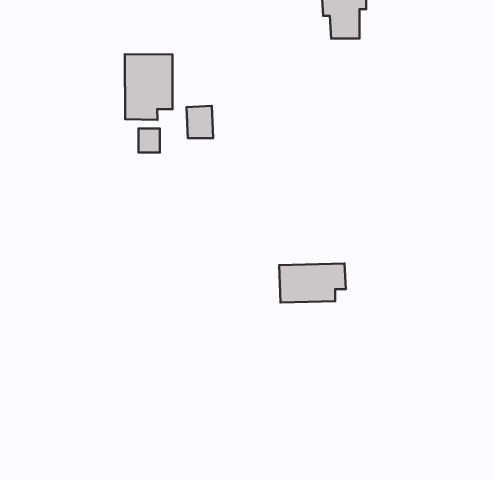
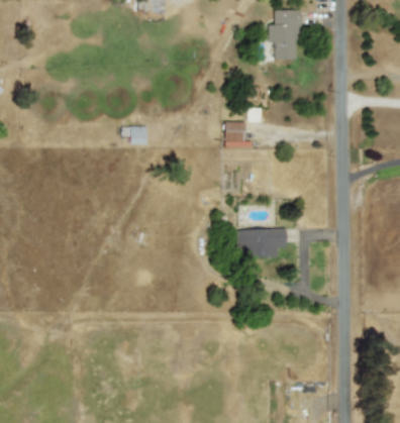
building: [125,54,173,120] -> none
building: [187,106,213,138] -> [224,121,244,145]

